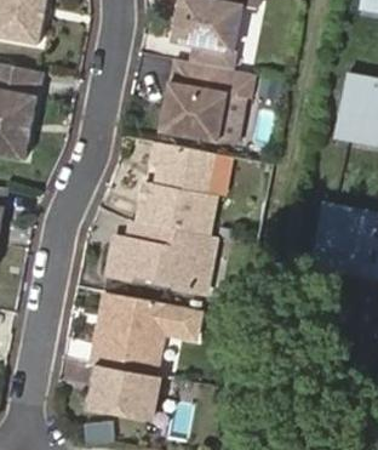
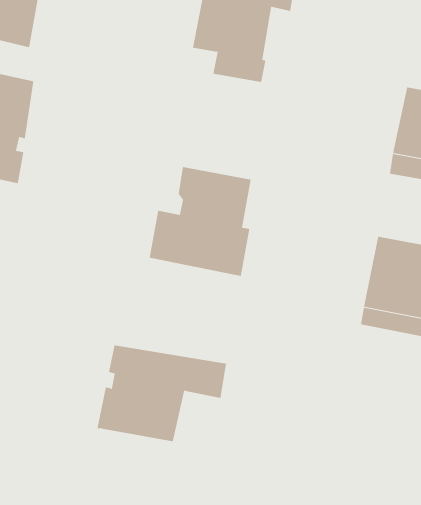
building: [159,62,252,144] -> none
building: [105,218,213,290] -> none
building: [87,363,159,418] -> none

